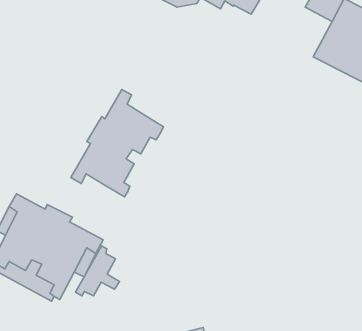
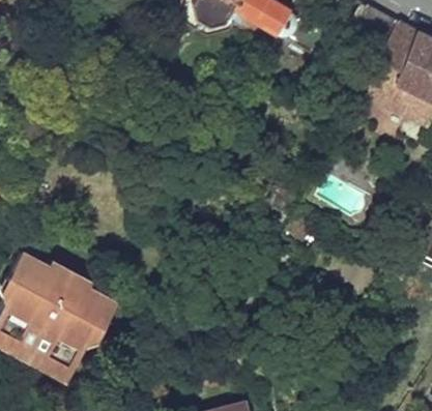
building: [71,90,163,197] -> none
building: [76,246,120,296] -> none

